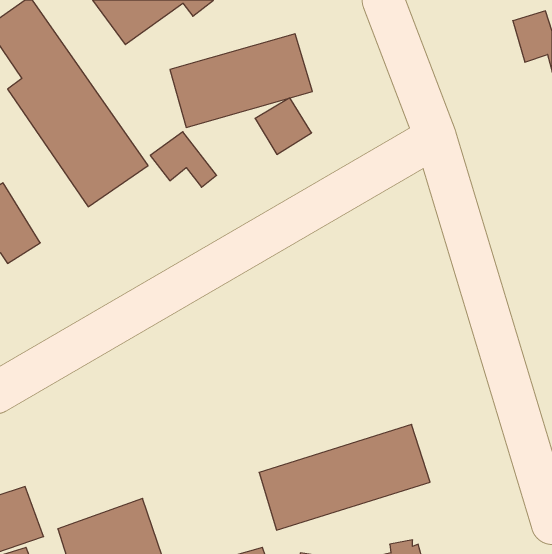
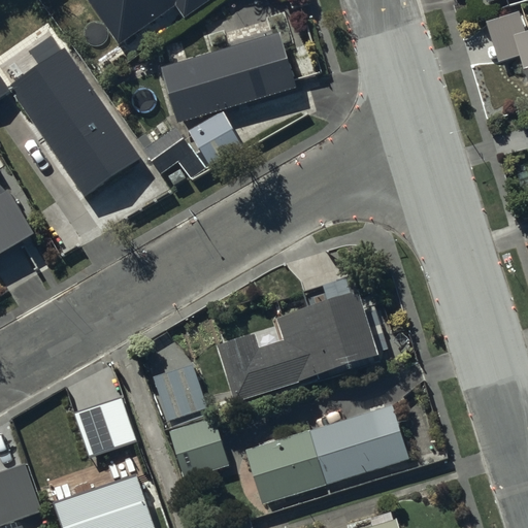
building: [255,98,312,154] -> [188,111,241,165]
building: none -> [220,290,386,402]
building: none -> [153,364,205,421]
building: none -> [74,398,135,458]
building: none -> [168,417,229,478]

